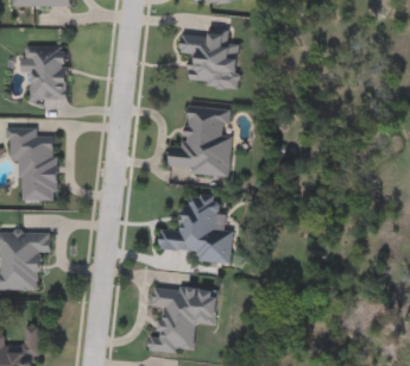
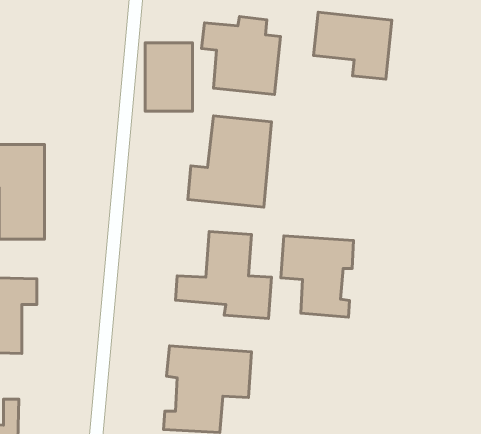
building: none -> [314,12,392,79]
building: [29,46,65,100] -> [145,43,192,111]
building: none -> [281,236,353,317]

